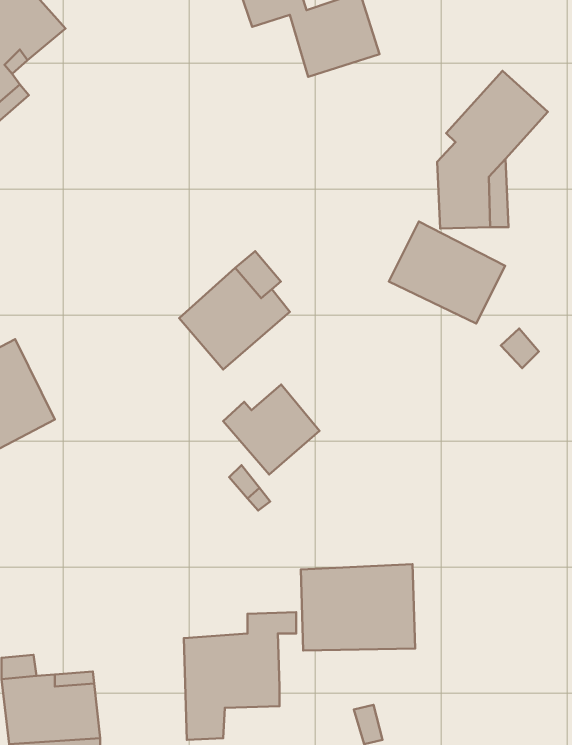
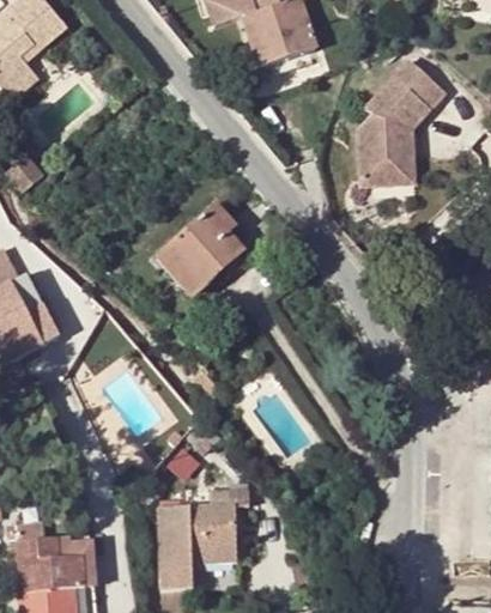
building: [389,221,505,323] -> none
building: [223,384,319,475] -> none
building: [301,564,415,650] -> none

